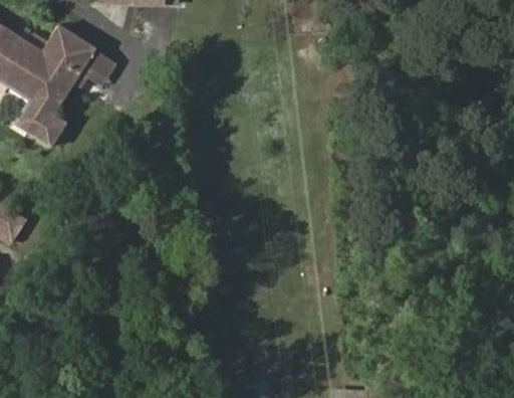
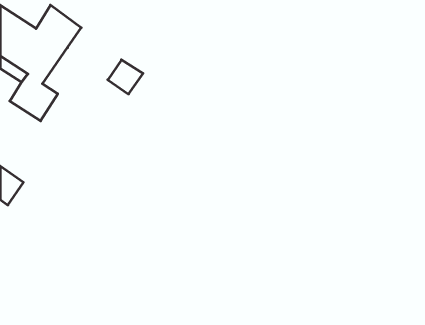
building: [80,46,119,84] -> [108,60,143,94]

